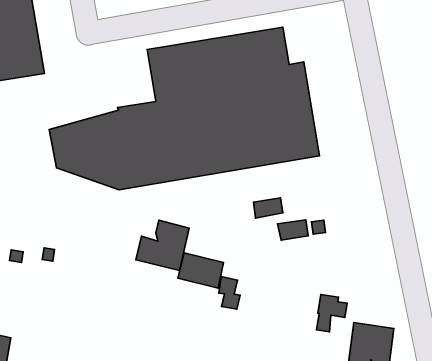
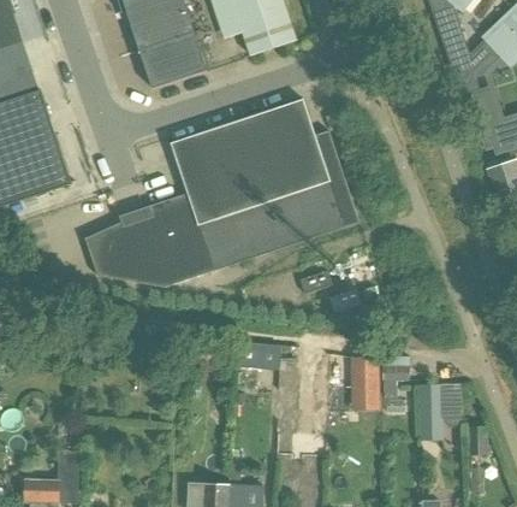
building: [136,220,189,271] -> none
building: none -> [350,355,378,389]

